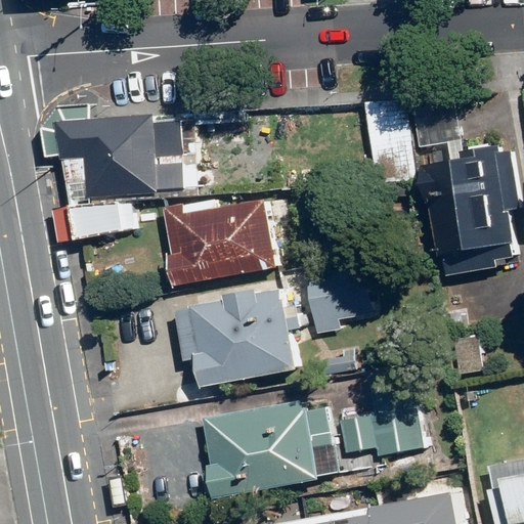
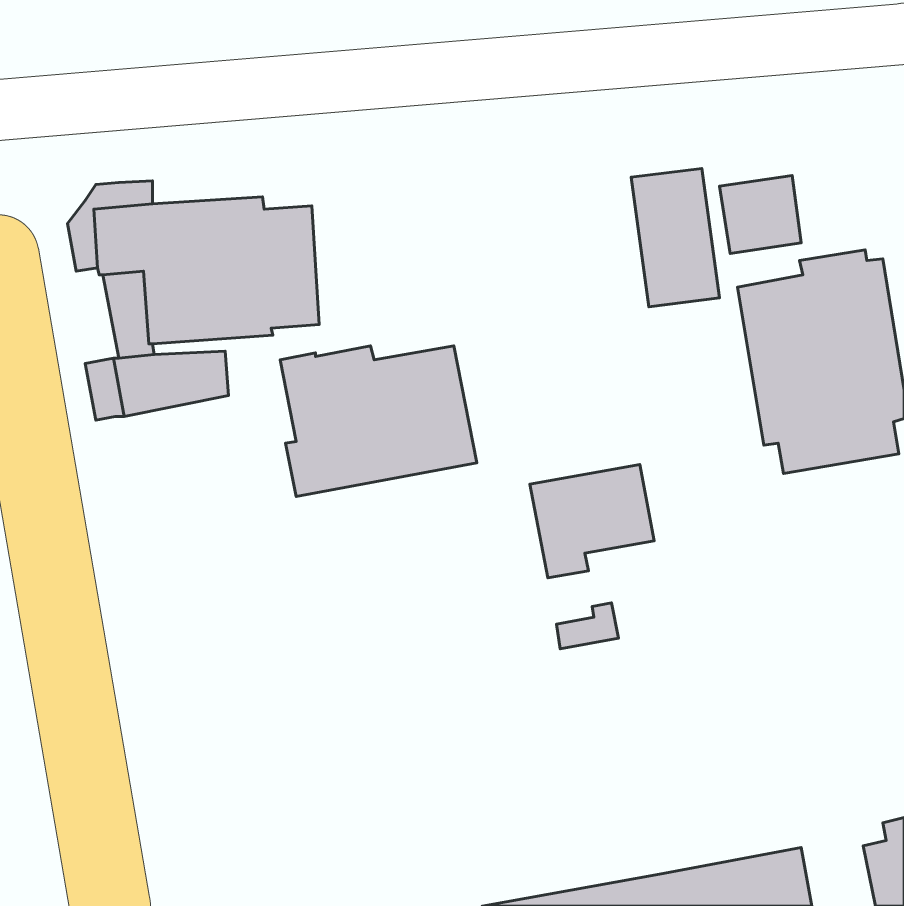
building: [172,289,299,387] -> none
building: [202,400,334,498] -> none
building: [339,406,423,455] -> none

